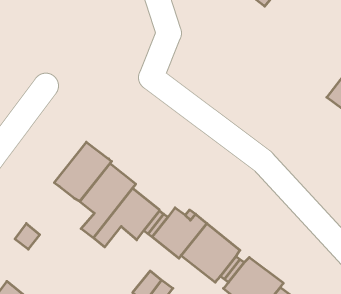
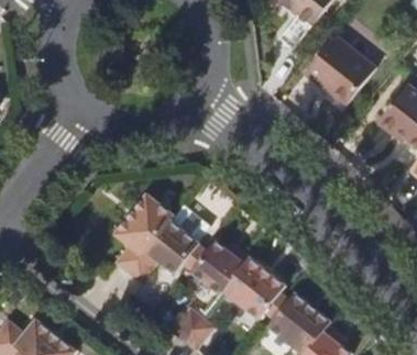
building: none -> [296,30,367,100]
building: [54,142,112,201] -> none

